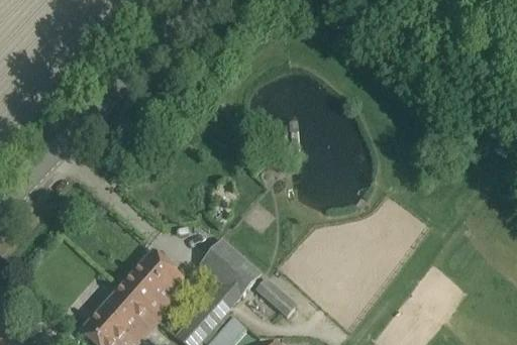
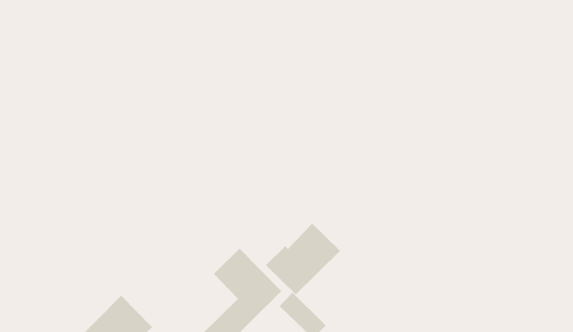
building: none -> [265,223,341,295]
building: [121,250,182,312] -> none

